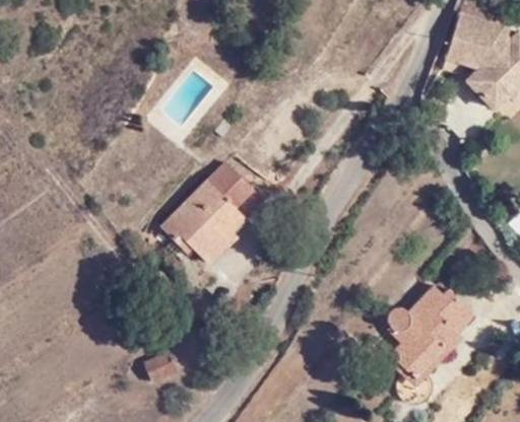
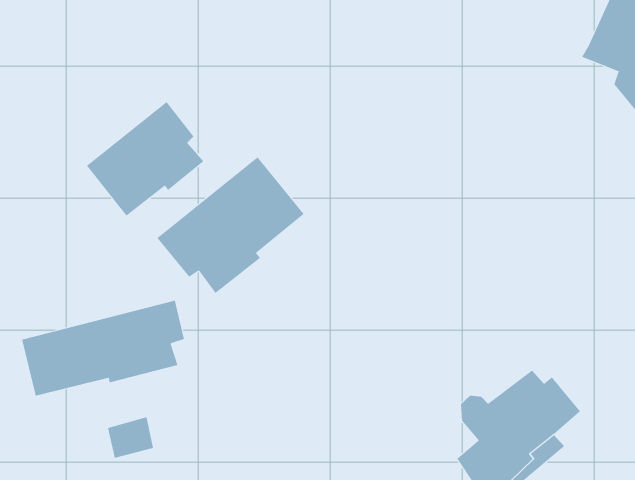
building: none -> [86,101,204,217]
building: none -> [22,300,184,397]

